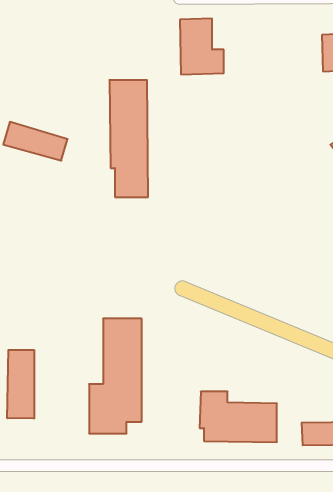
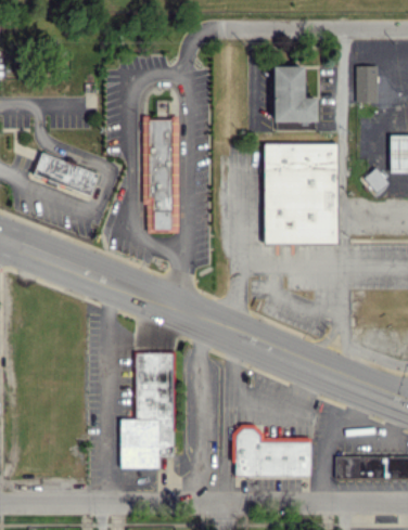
building: [180,19,224,74] -> [272,66,317,122]
building: none -> [265,143,337,244]
building: [7,350,34,419] -> none

